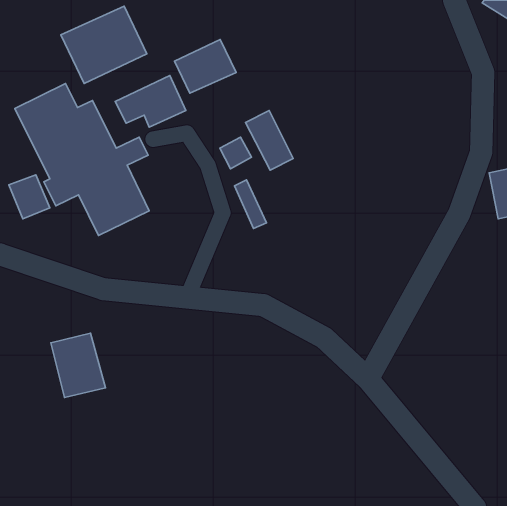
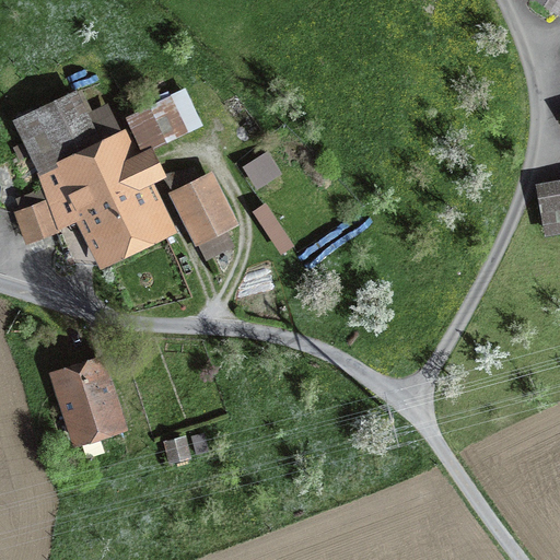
building: [61,6,147,83] -> none
building: [175,40,236,93] -> none
building: [245,111,293,170] -> [170,179,222,245]

